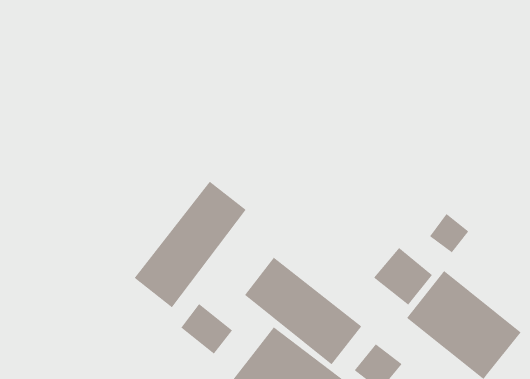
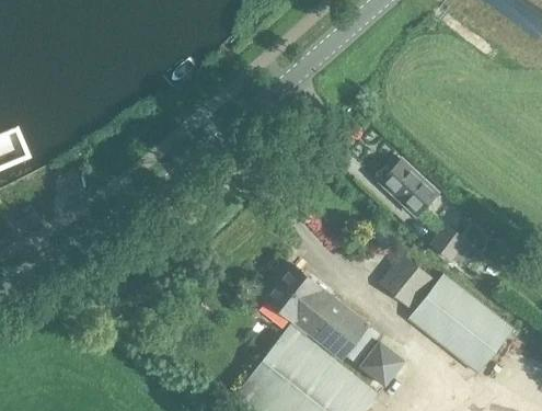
building: none -> [380,161,437,217]
building: [134,181,246,308] -> none
building: [181,303,233,354] -> none

